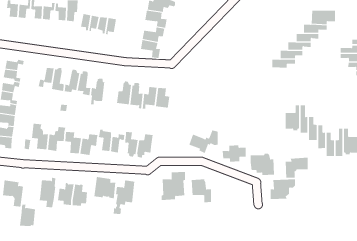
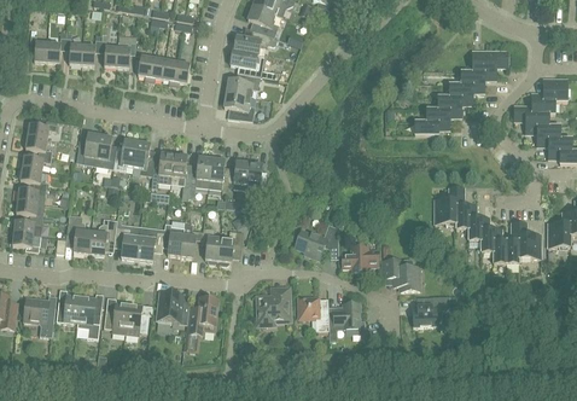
building: none -> [169,150,191,185]
building: [285,157,308,178] -> none
building: none -> [327,303,359,327]
building: [19,204,36,227] -> [56,289,80,321]

